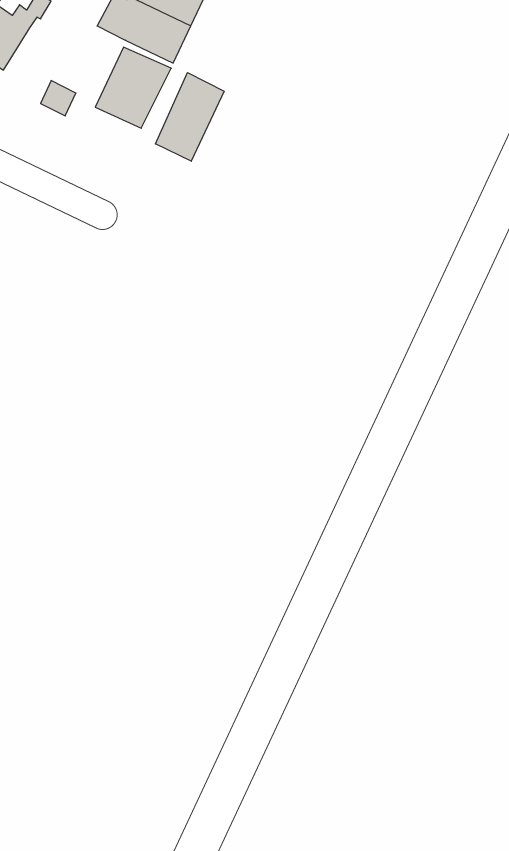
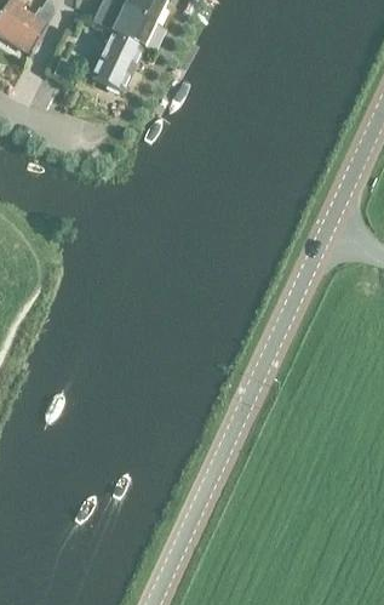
building: [155,73,224,161] -> none

